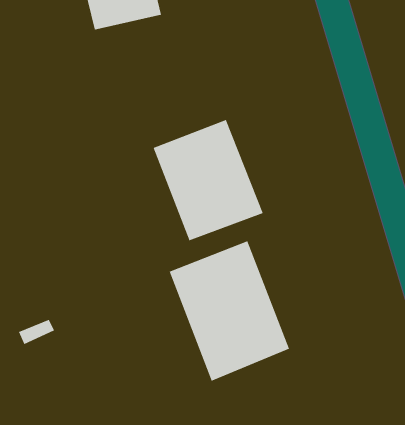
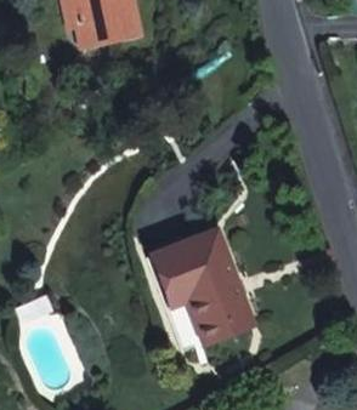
building: [153,119,264,241] -> none

